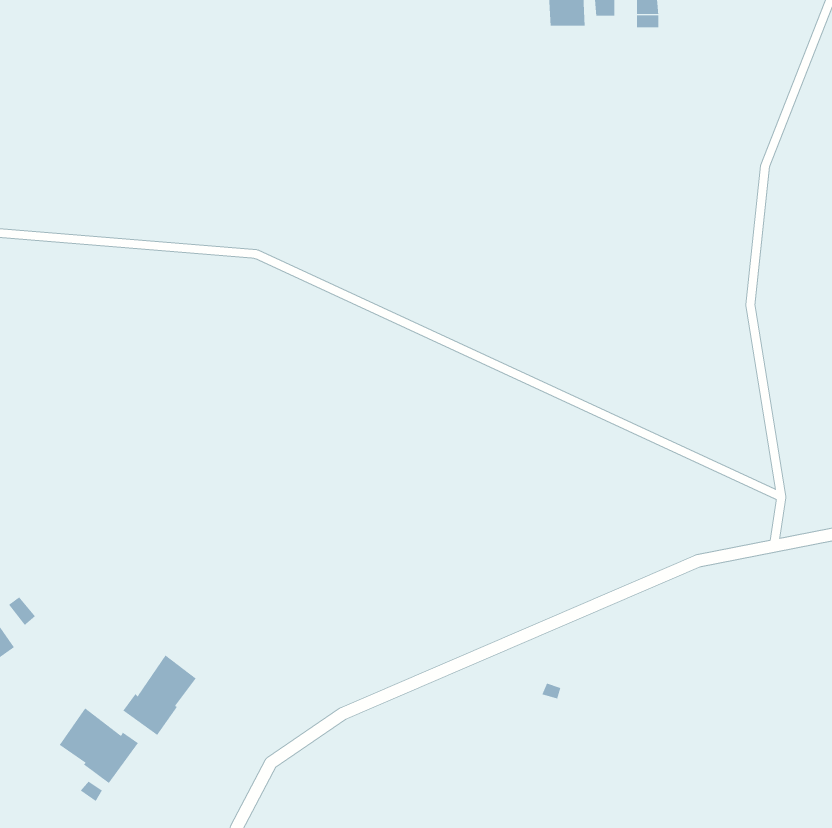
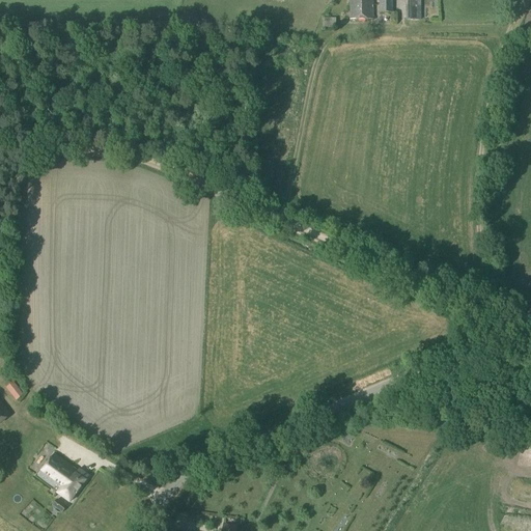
building: [123,655,197,736] -> none

